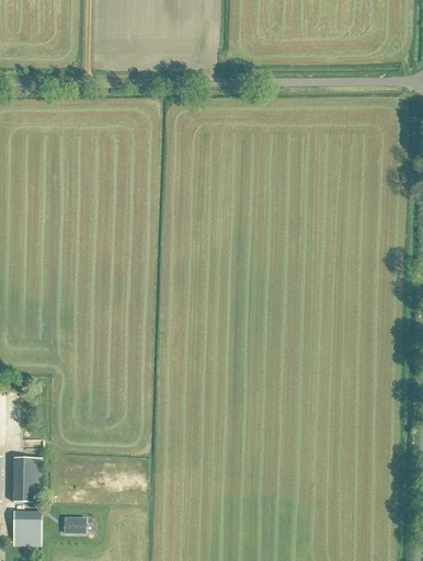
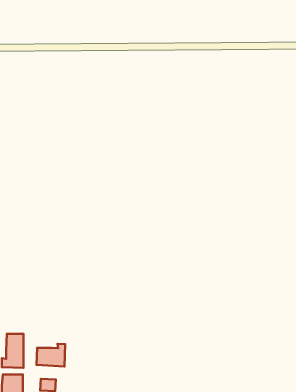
building: none -> [36,344,65,366]

